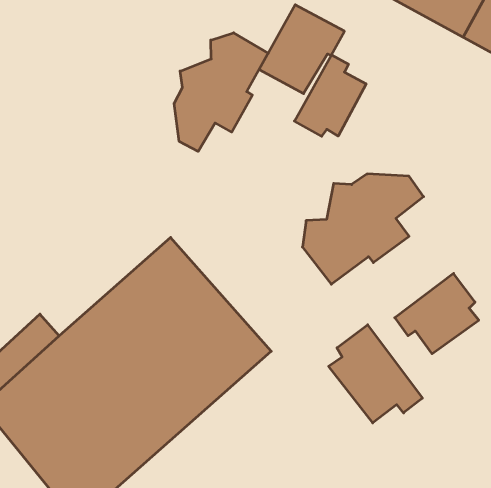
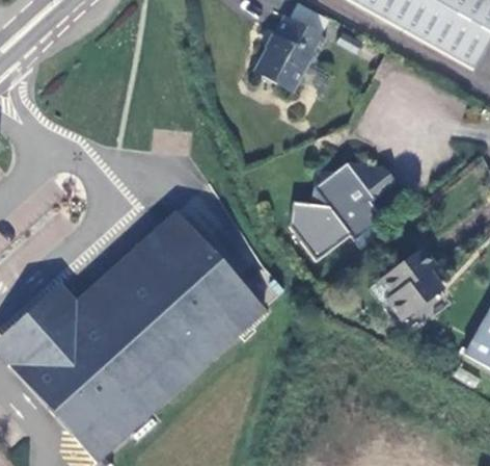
building: [174,33,268,151] -> none
building: [294,55,366,136] -> none
building: [329,325,422,423] -> none

